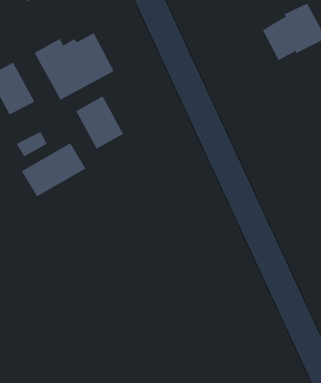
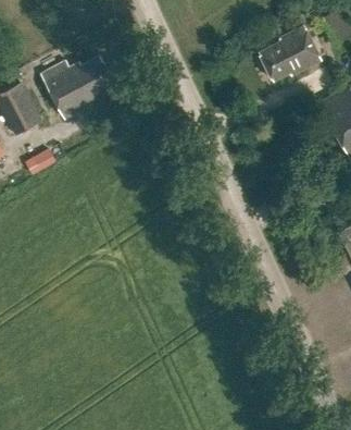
building: [75,95,124,149] -> none
building: [21,143,86,197] -> none

